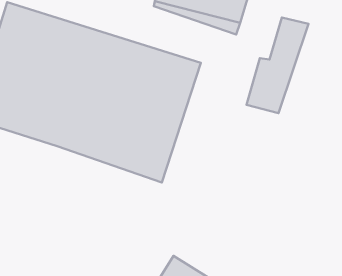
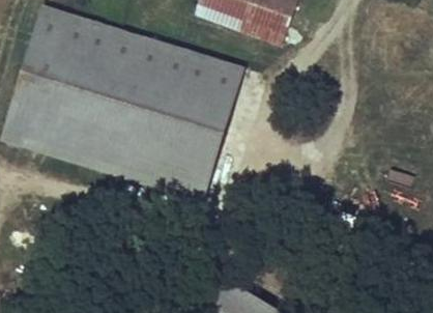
building: [246,17,308,113] -> none

